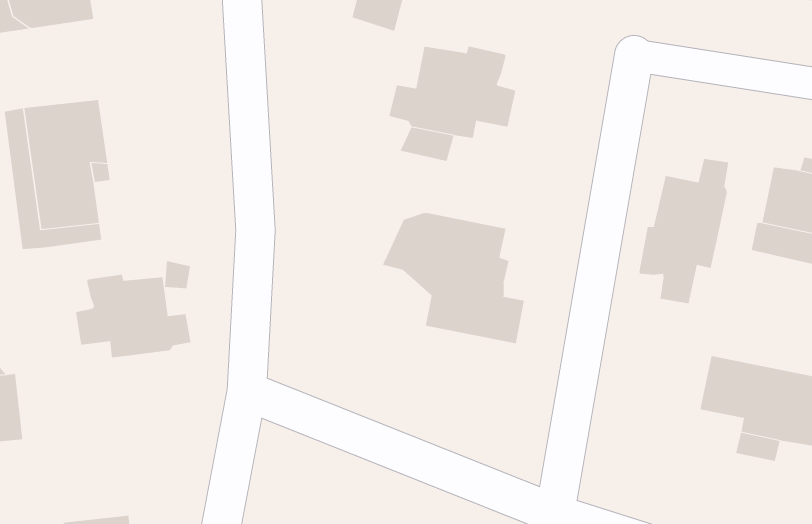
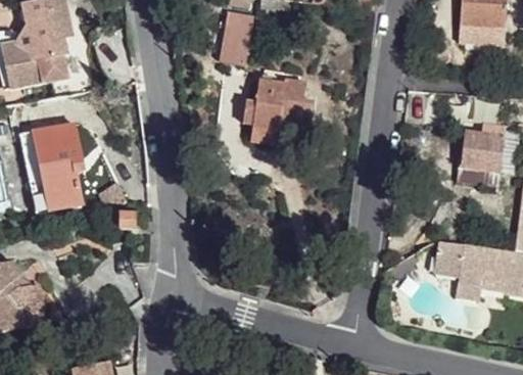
building: [639,158,729,304] -> none
building: [382,212,525,344] -> none
building: [76,274,191,358] -> none

